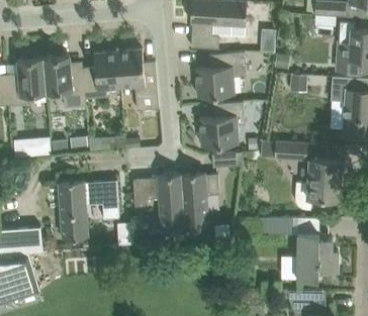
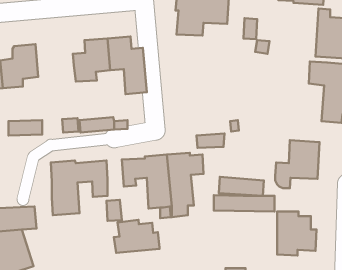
building: [195,52,246,98] -> none
building: [41,57,84,107] -> none
building: [199,103,244,147] -> none
building: [259,140,306,161] -> [219,177,264,196]
building: none -> [114,220,160,253]

